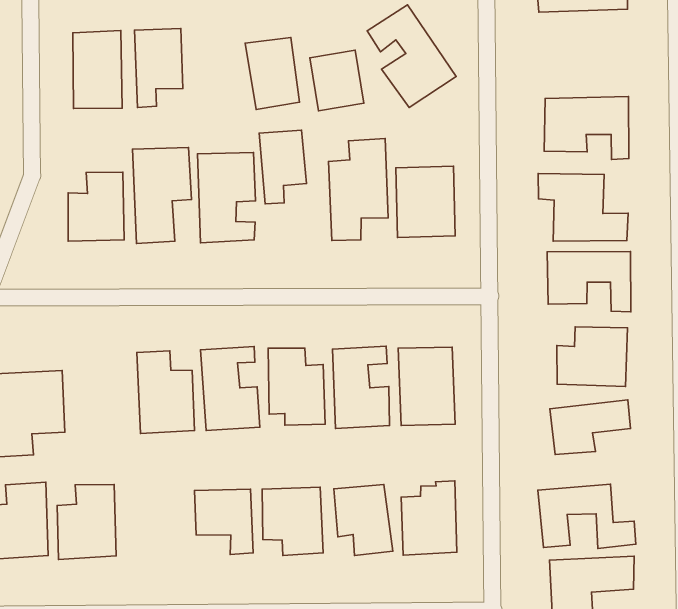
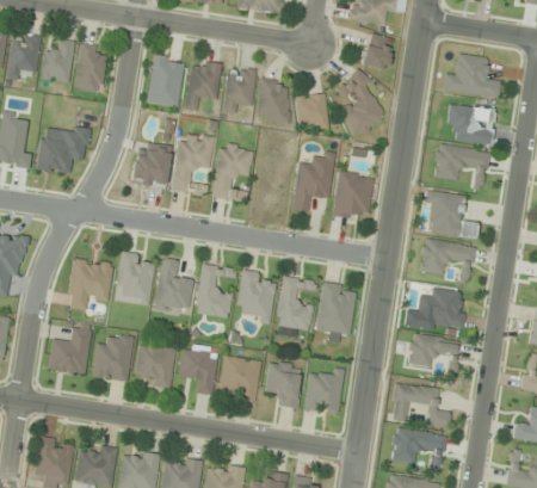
building: none -> [446,105,492,144]
building: [259,130,306,204] -> [224,68,254,113]
building: none -> [117,252,153,304]
building: none -> [135,344,175,388]

